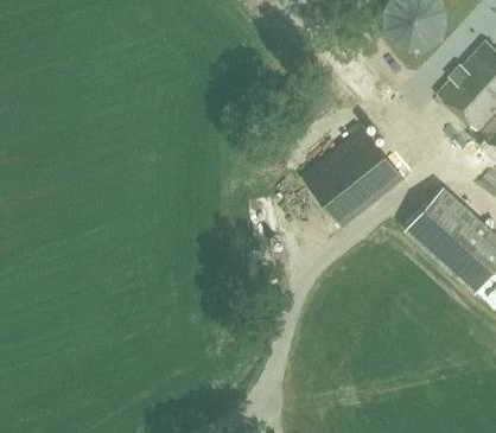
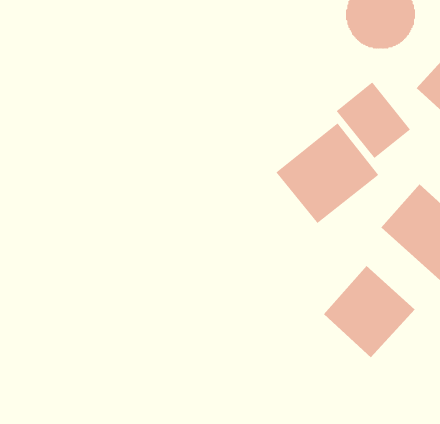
building: none -> [336,82,411,159]
building: none -> [323,265,415,358]

